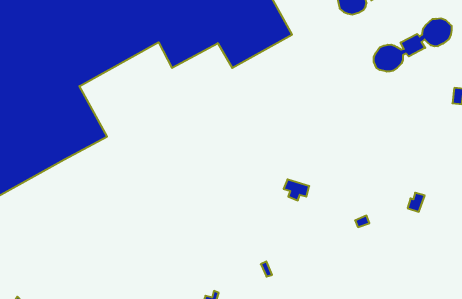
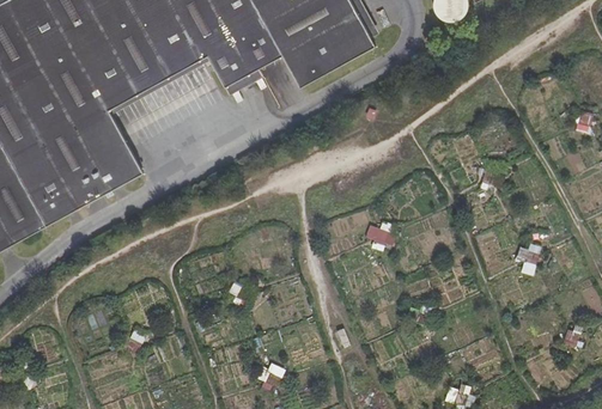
building: [374,18,452,72] -> none

